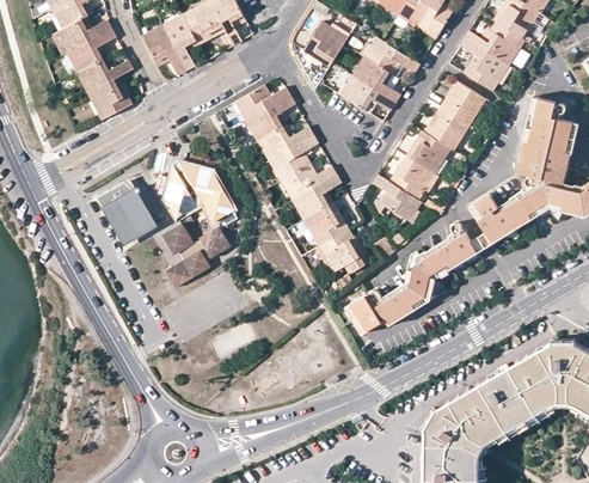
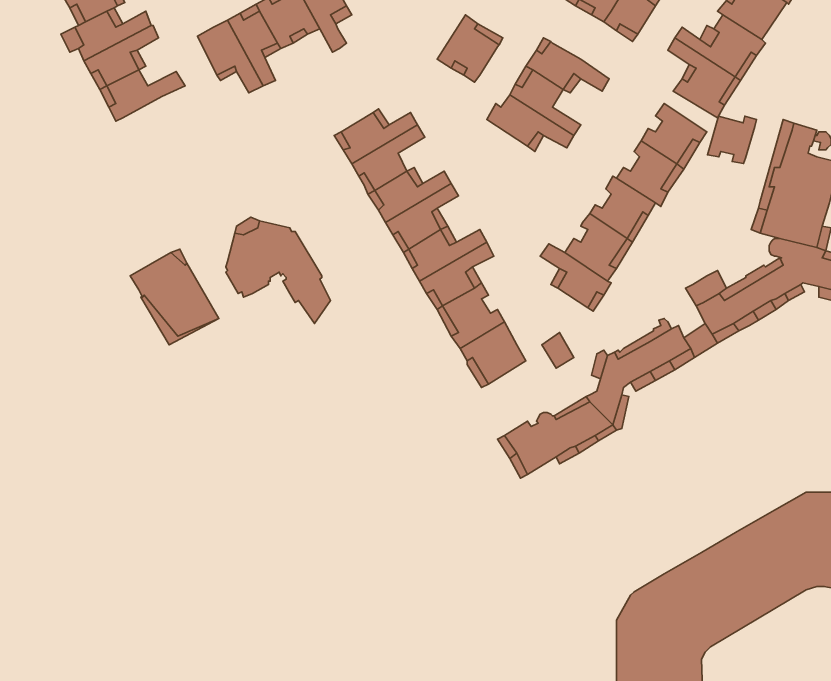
building: [87,77,133,121] -> none
building: none -> [708,116,757,164]
building: [162,227,231,288] -> none

